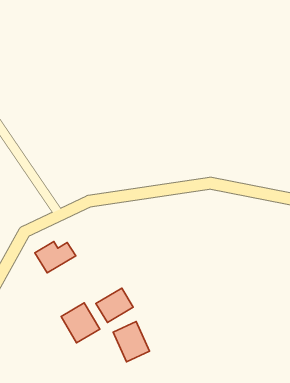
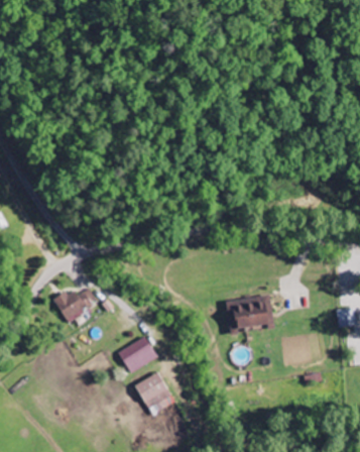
building: none -> [226,294,274,330]
building: [61,303,100,343] -> none

